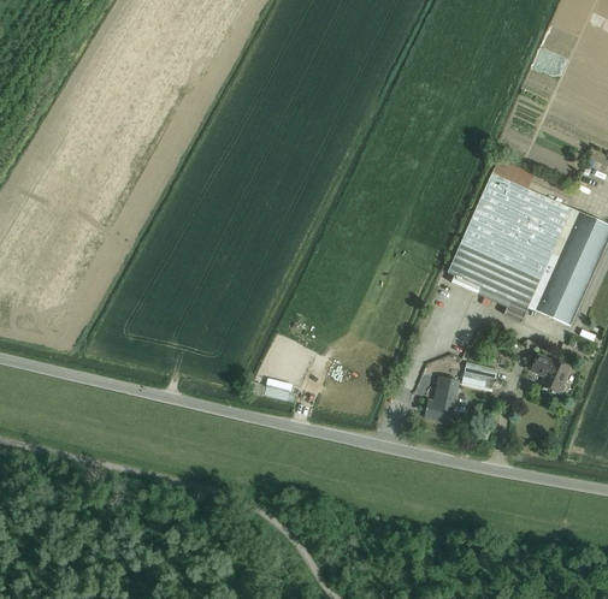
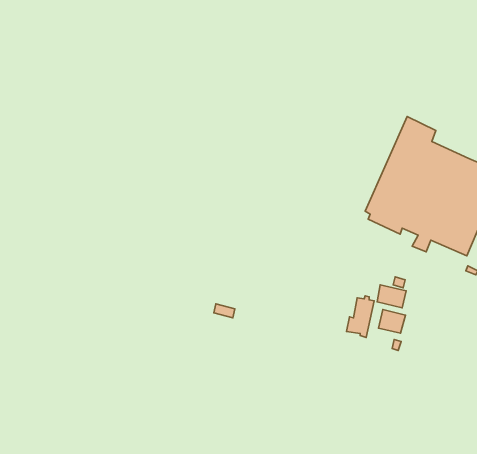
building: [531,354,571,392] -> none
building: none -> [378,310,406,333]

